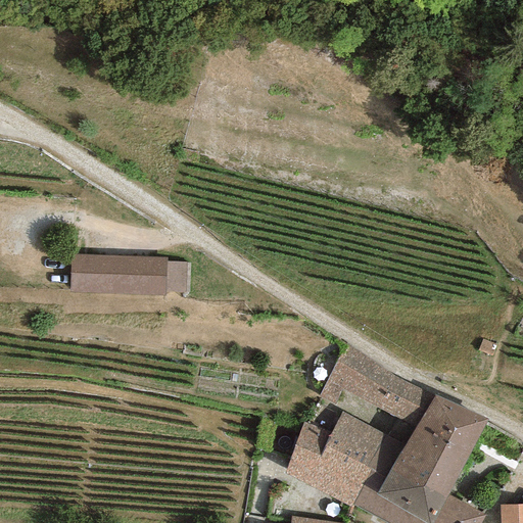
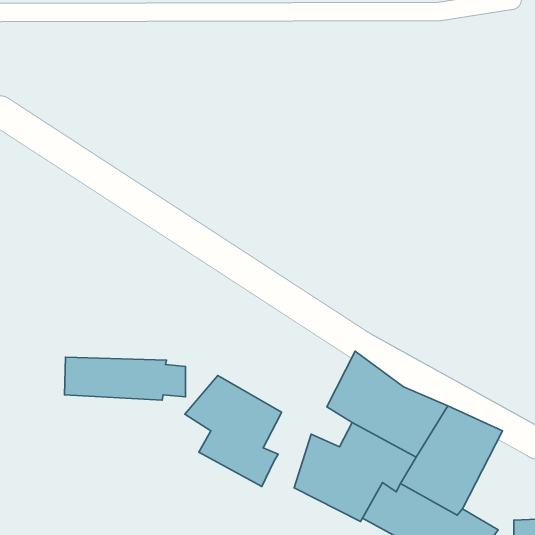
building: [70,253,188,295] -> [64,357,185,400]
building: none -> [185,376,281,486]

